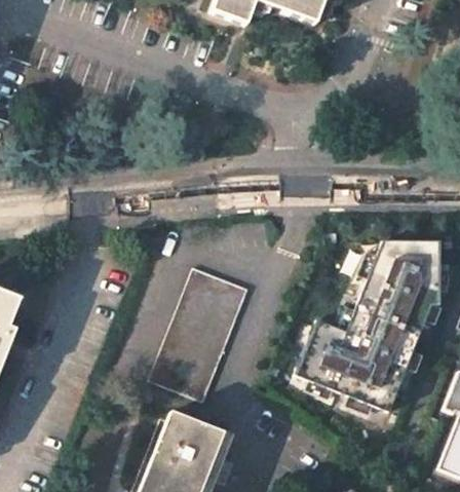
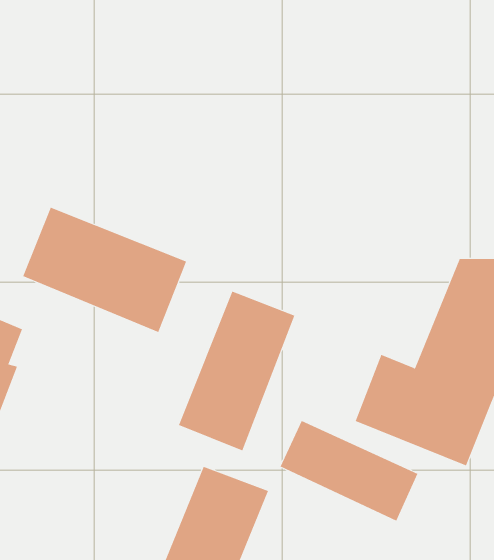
building: none -> [22,207,187,333]
building: none -> [280,420,418,522]

